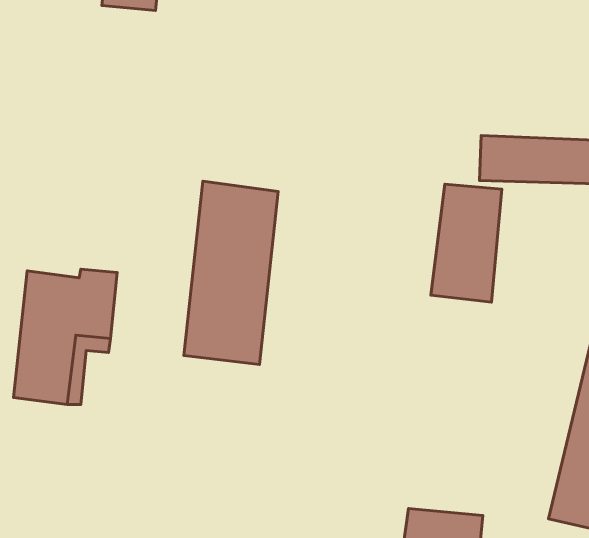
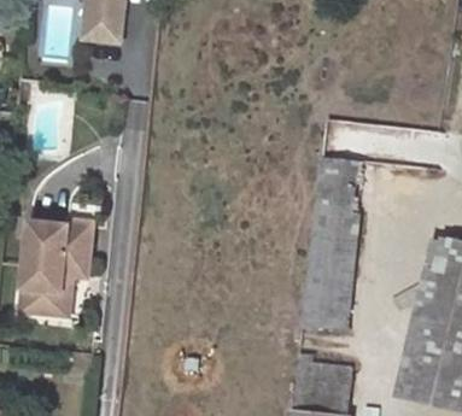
building: [184,181,278,365] -> none
building: none -> [302,239,353,332]
building: none -> [296,358,349,392]

